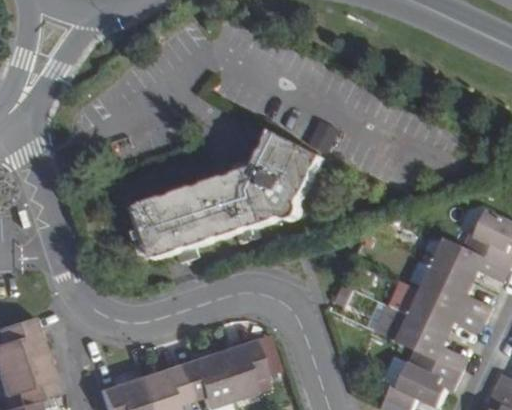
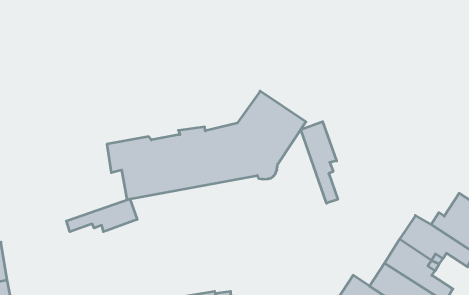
building: none -> [301,122,338,203]
building: none -> [66,199,137,232]

